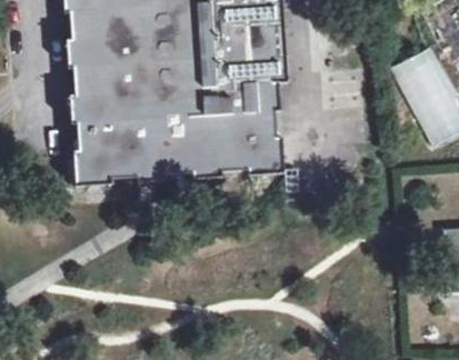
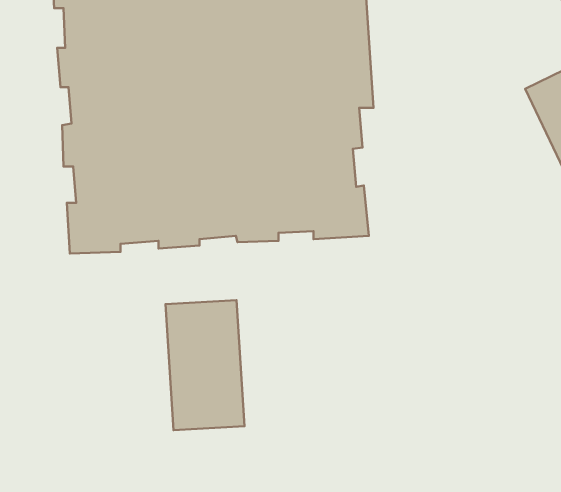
building: none -> [166,300,245,430]

